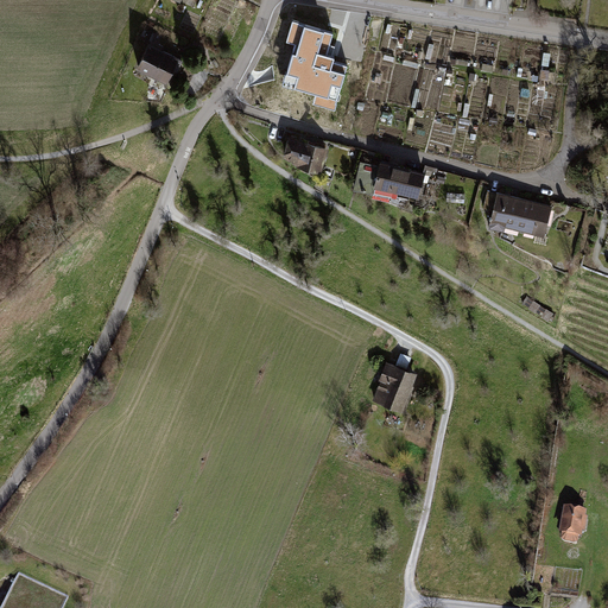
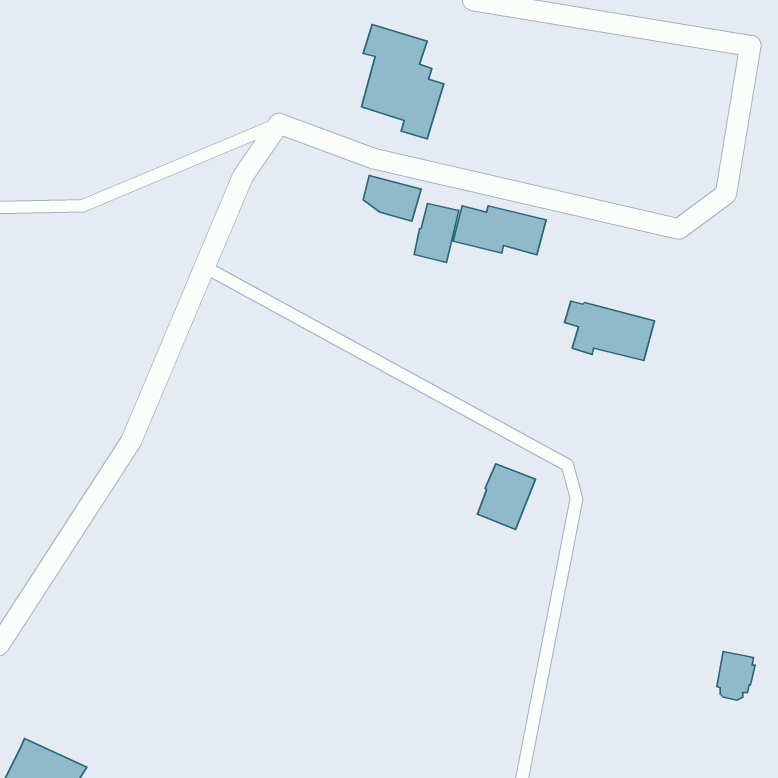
building: [135,45,179,84] -> none
building: none -> [414,203,459,262]
building: [482,191,552,238] -> [565,301,655,361]

